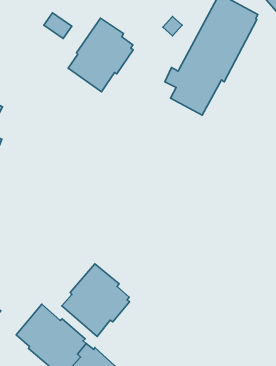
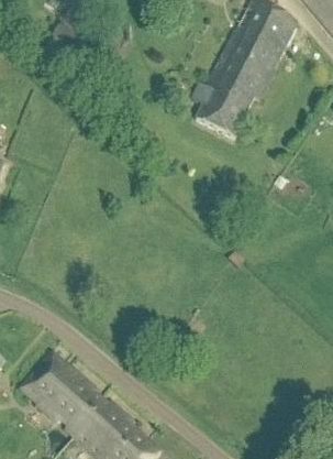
building: [68,18,133,92] -> none
building: [62,264,130,336] -> none

